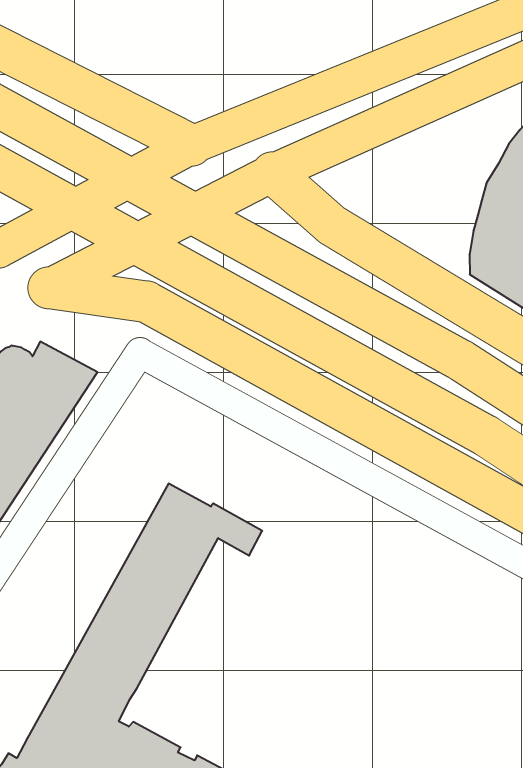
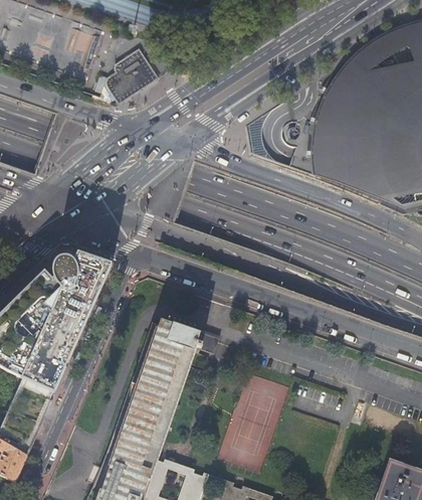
building: none -> [108,45,159,100]

